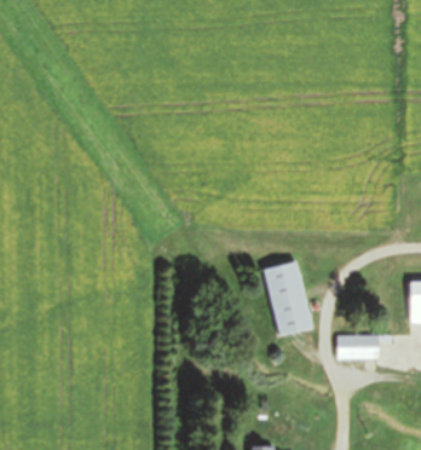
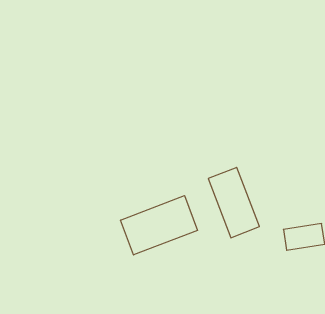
building: none -> [121,196,198,255]

